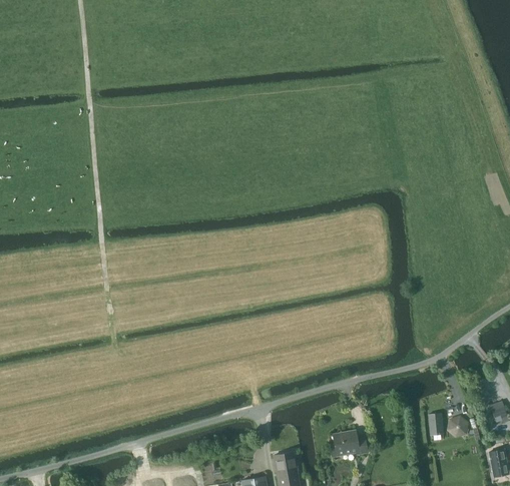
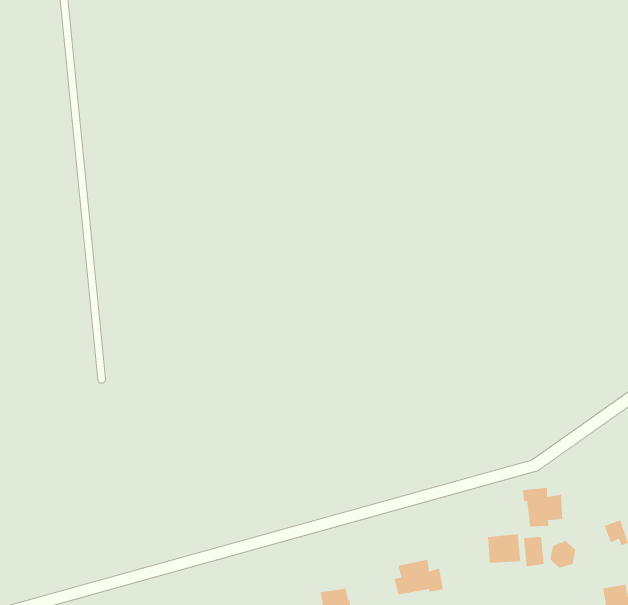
building: none -> [522,487,563,527]
building: none -> [487,534,521,563]

